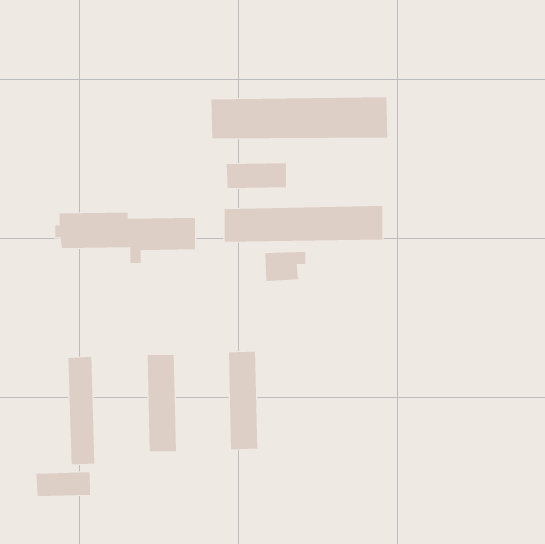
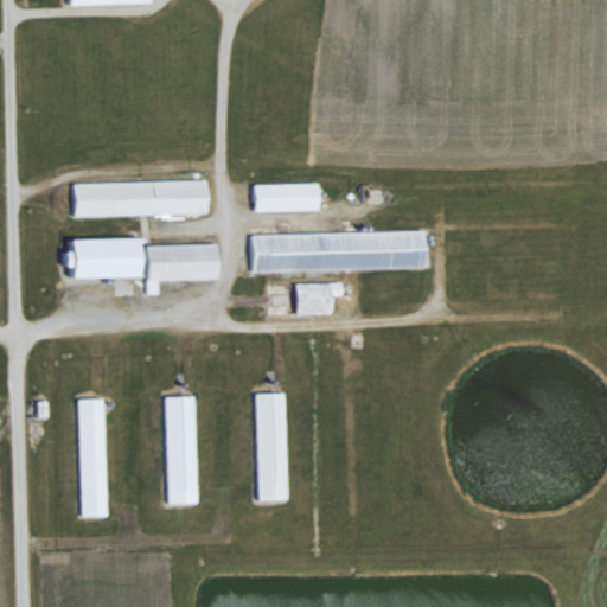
building: [211,96,388,139] -> none
building: none -> [72,180,209,217]
building: [36,471,90,497] -> none

